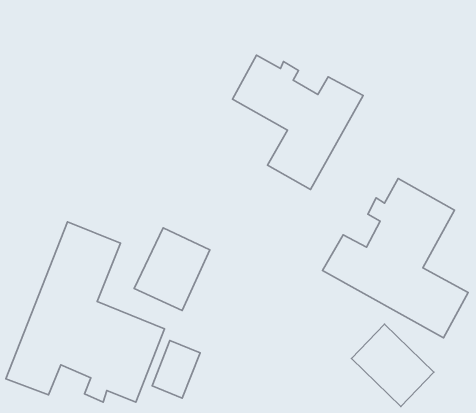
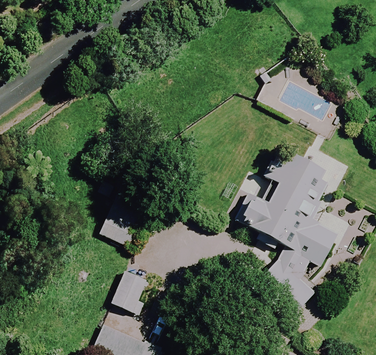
building: [232,55,363,190] -> none
building: [6,222,165,402] -> none

